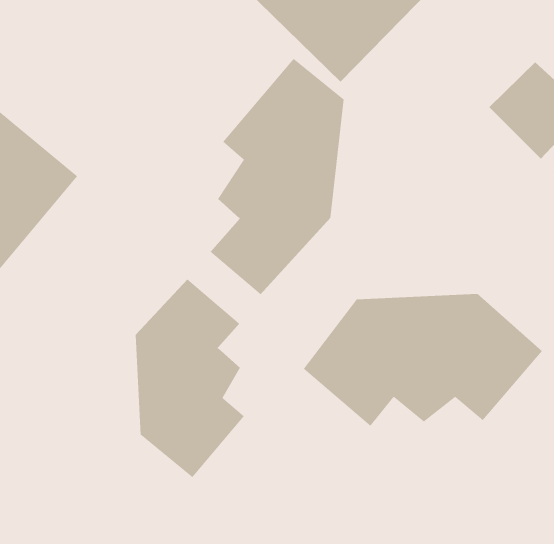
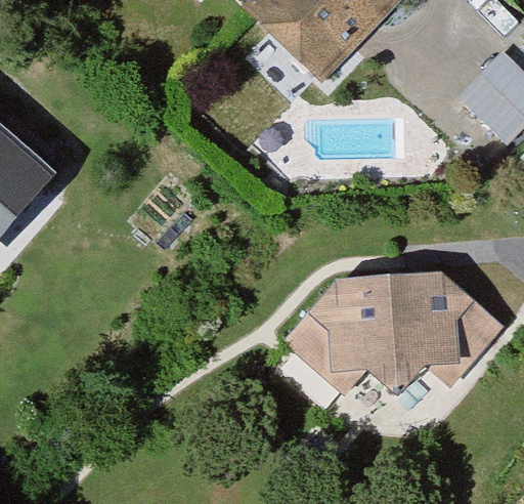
building: [209,58,344,295] -> none
building: [135,278,245,478] -> none

